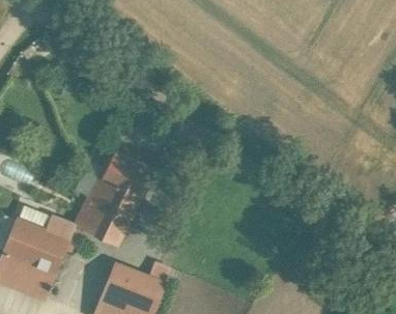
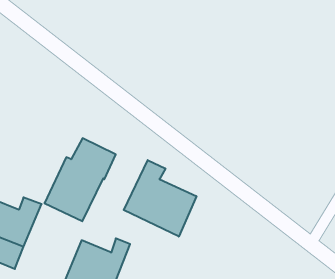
building: none -> [124,160,196,237]

